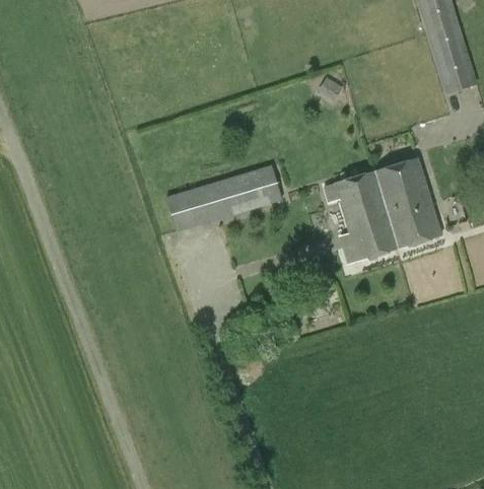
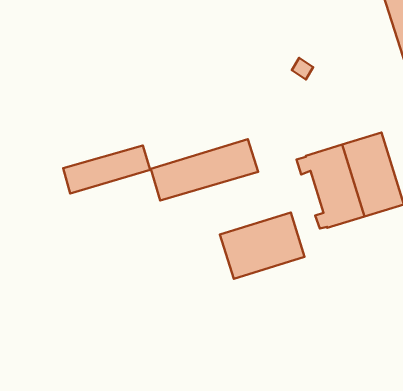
building: none -> [63,146,150,193]
building: none -> [220,213,305,279]

